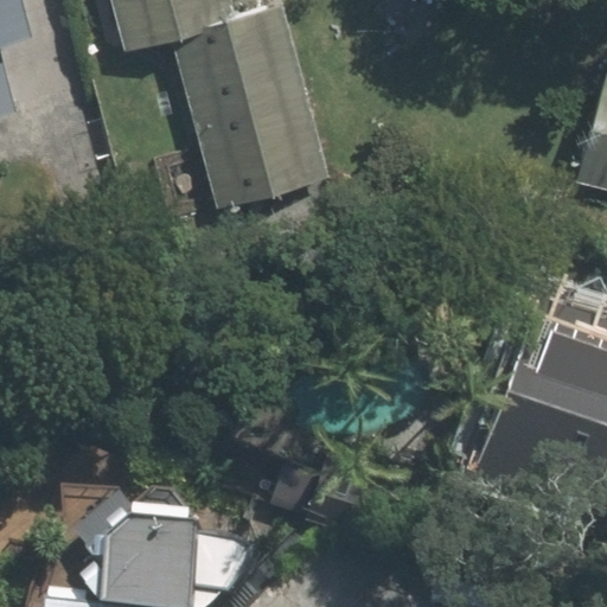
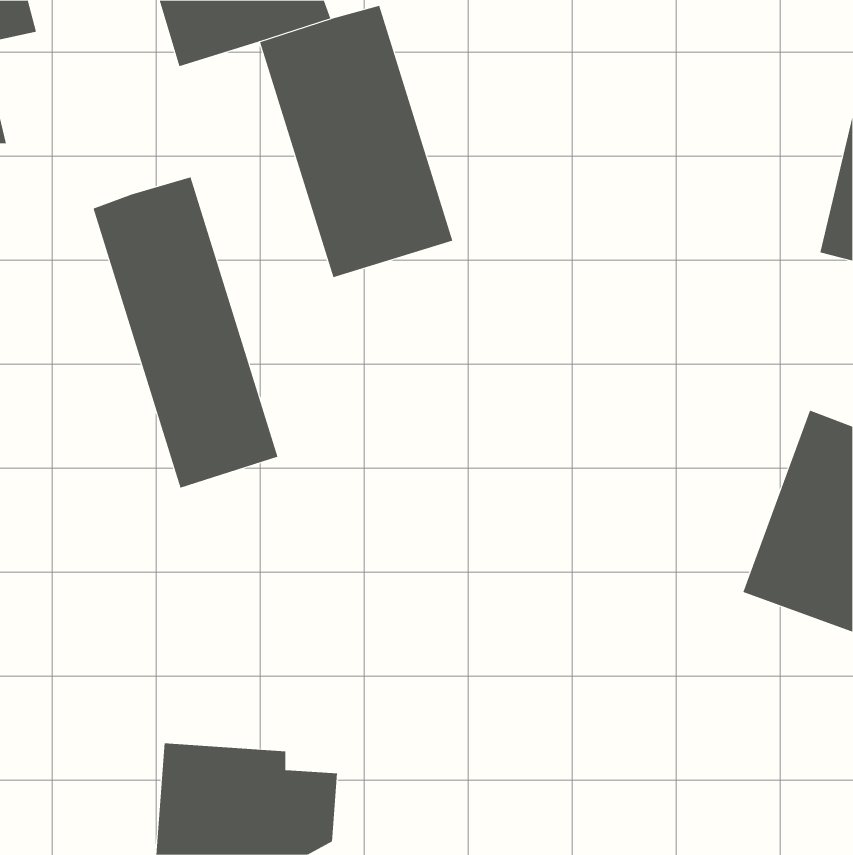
building: none -> [93,177,278,489]

